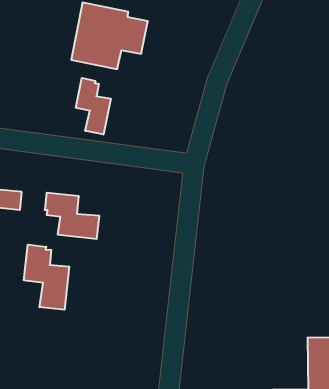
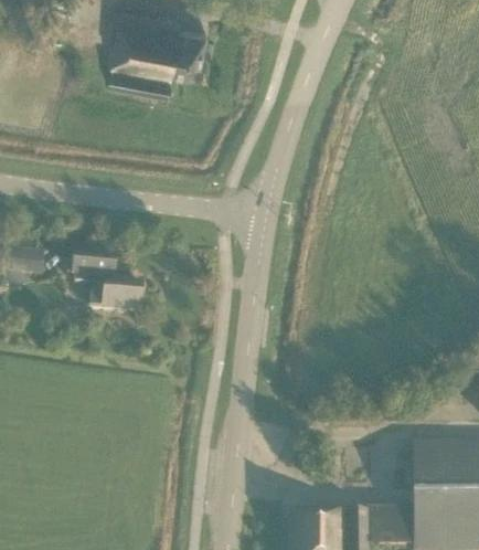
building: [76,78,111,135] -> none
building: [24,245,69,310] -> none

